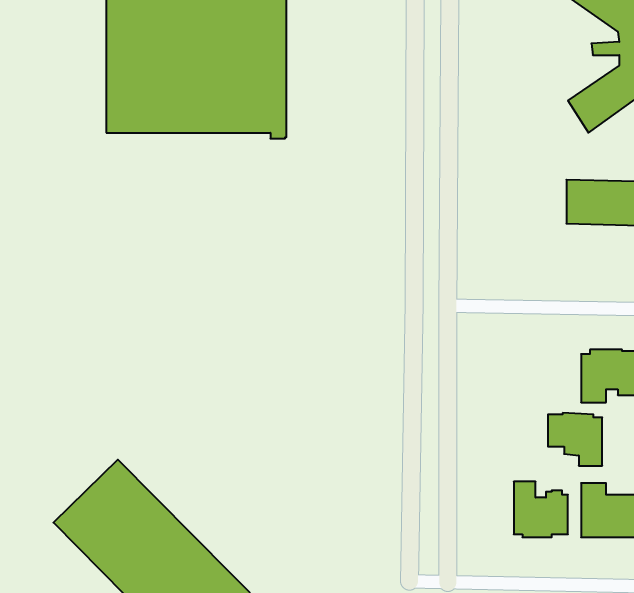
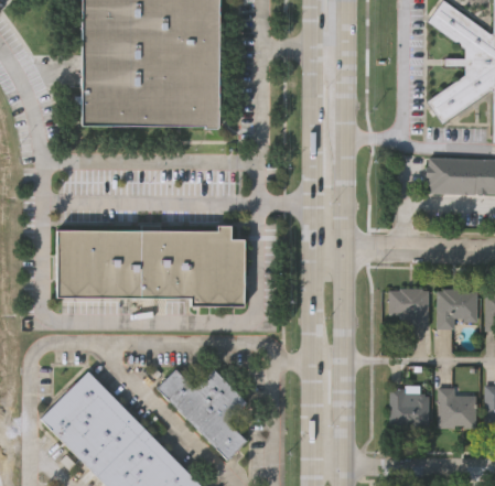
building: none -> [53,224,243,307]
building: [548,413,602,466] -> [389,288,430,327]
building: none -> [159,368,248,458]

